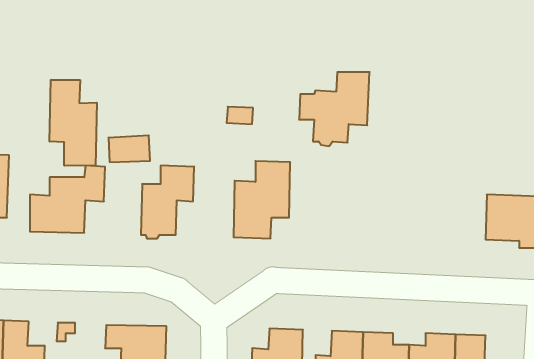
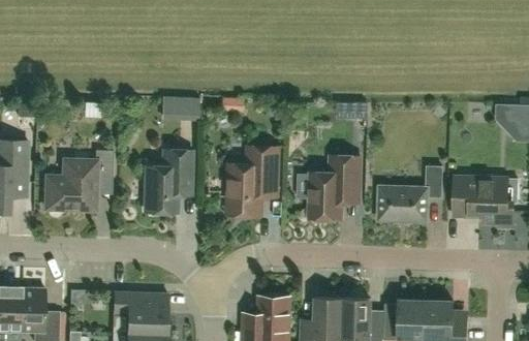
building: [299,72,370,146] -> [297,156,360,222]
building: [50,80,97,166] -> none
building: [108,136,150,162] -> [167,97,205,121]
building: none -> [378,166,441,221]

